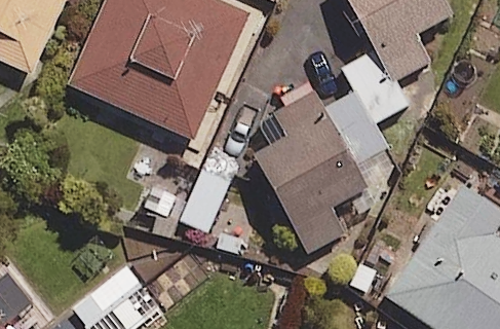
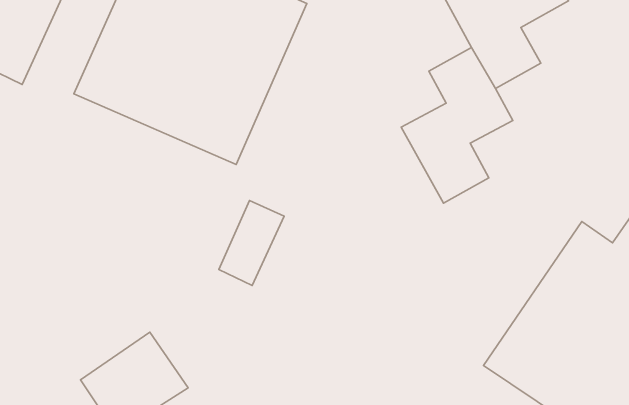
building: [258,94,362,252] -> none

